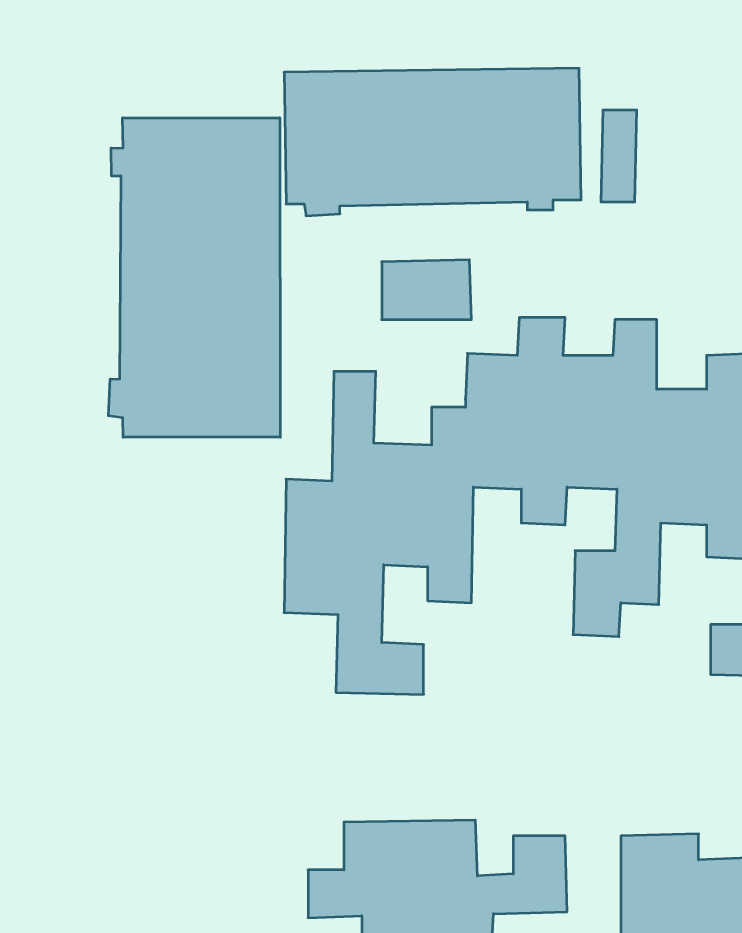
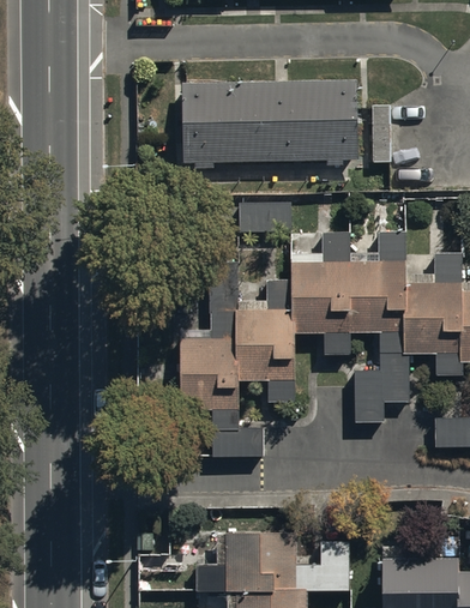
building: [108,118,280,437] -> none

